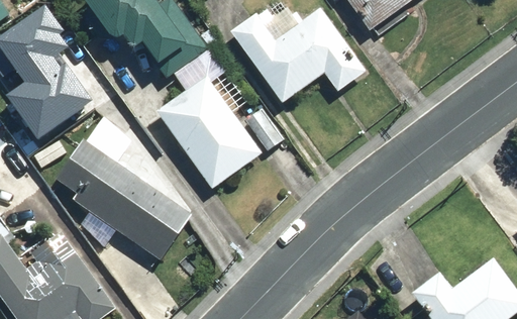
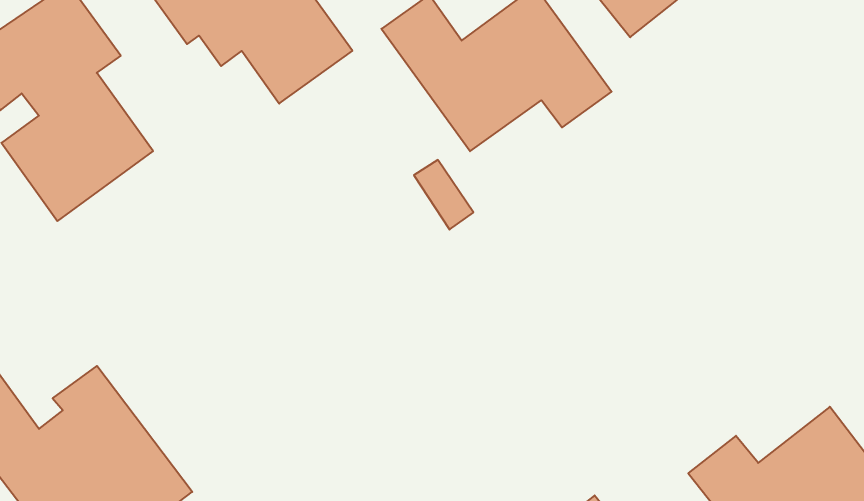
building: [154,61,262,189] -> none
building: [55,108,192,257] -> none

